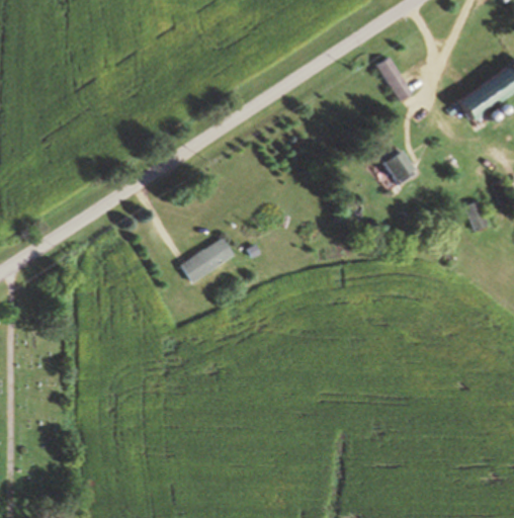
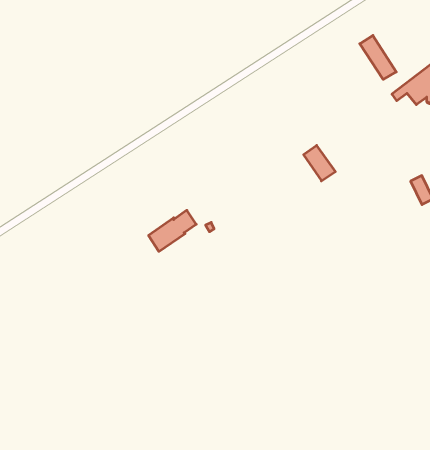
building: [375,58,415,105] -> [360,35,396,79]
building: [381,148,416,186] -> [304,145,335,181]

